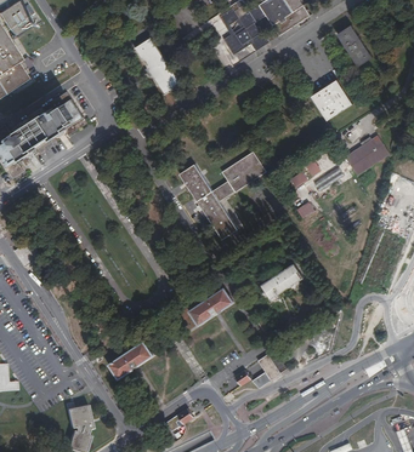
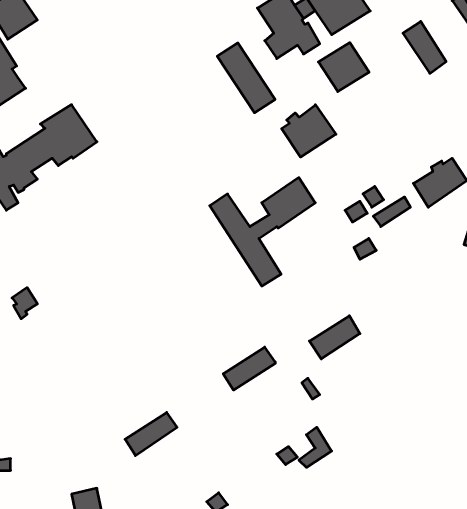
building: [134,38,181,95] -> [217,43,275,113]
building: [311,80,352,120] -> [318,43,369,92]
building: none -> [282,105,336,157]

